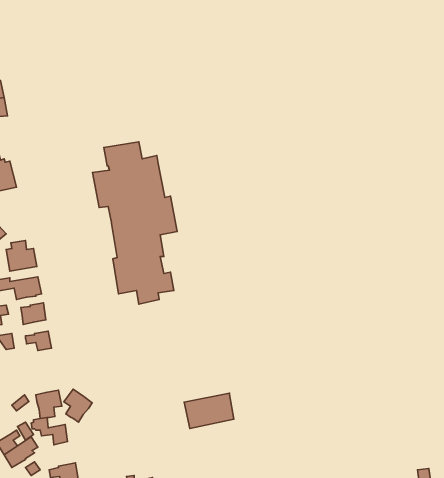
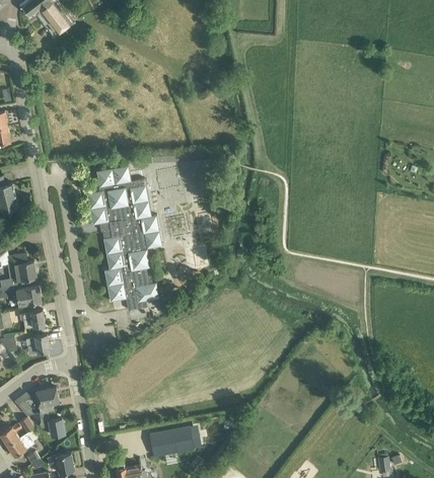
building: [64,389,92,422] -> none
building: [184,393,234,428] -> [148,425,193,457]

